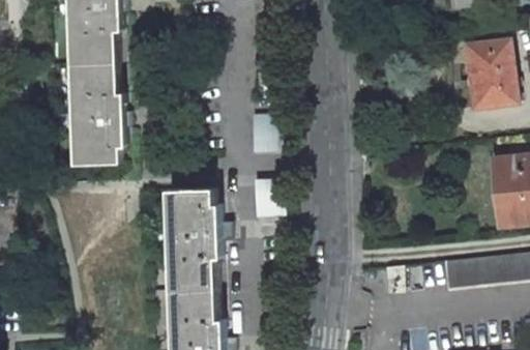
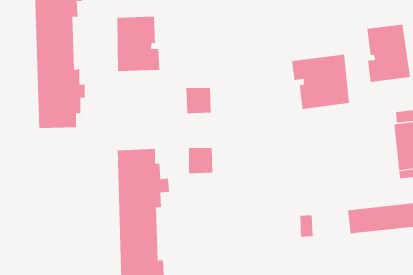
building: none -> [117,16,160,72]
building: none -> [292,54,350,110]

